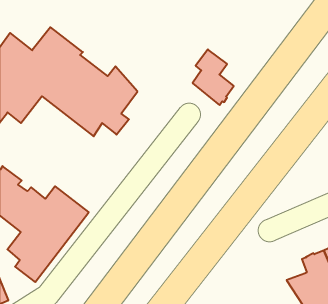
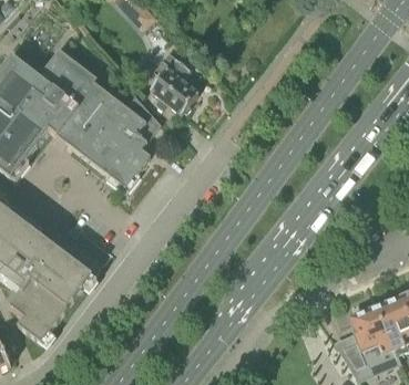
building: [193,49,234,105] -> [150,50,197,114]

